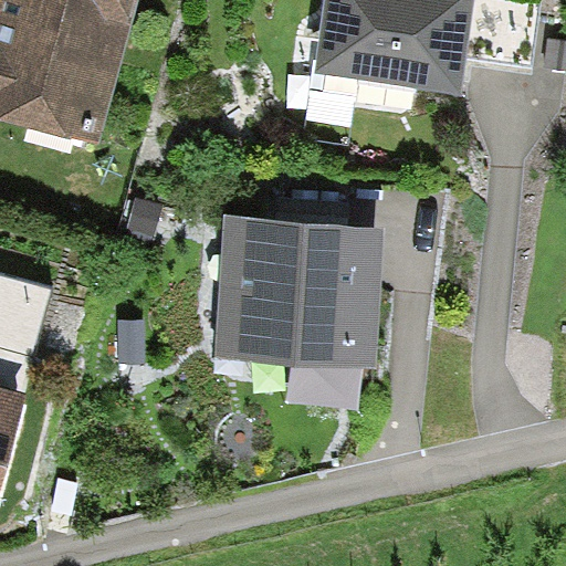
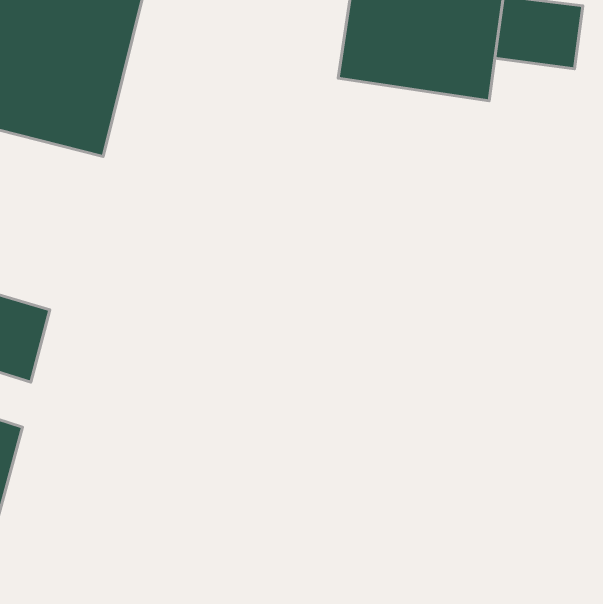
building: [219,220,379,368] -> none

